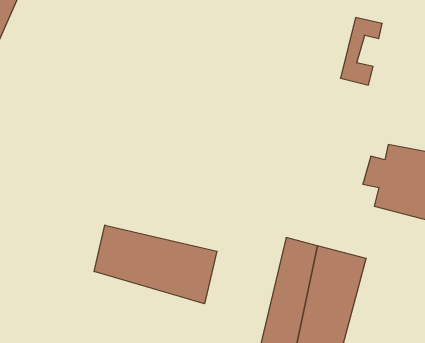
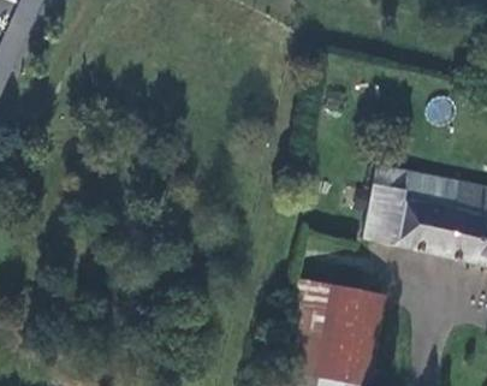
building: [340,18,382,85] -> [366,167,409,237]
building: [94,225,217,304] -> none

